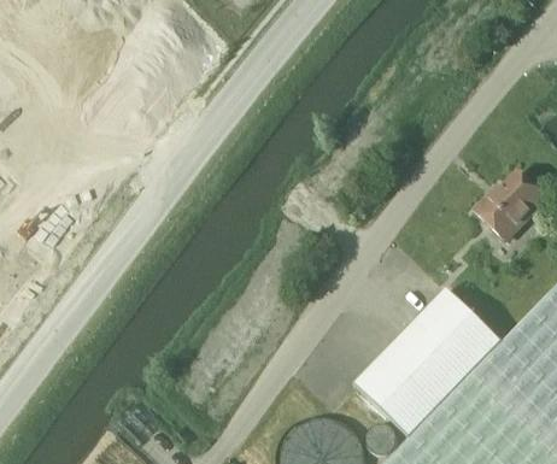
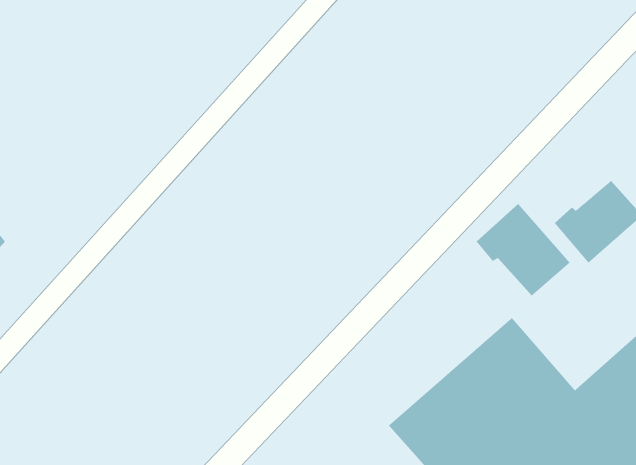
building: none -> [476,203,571,296]

